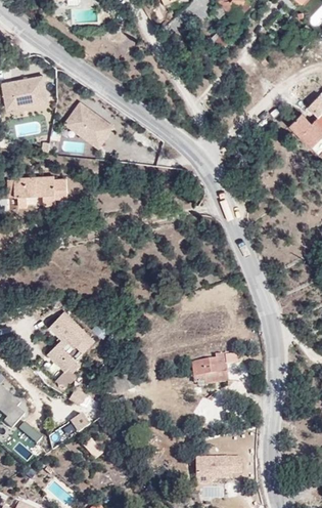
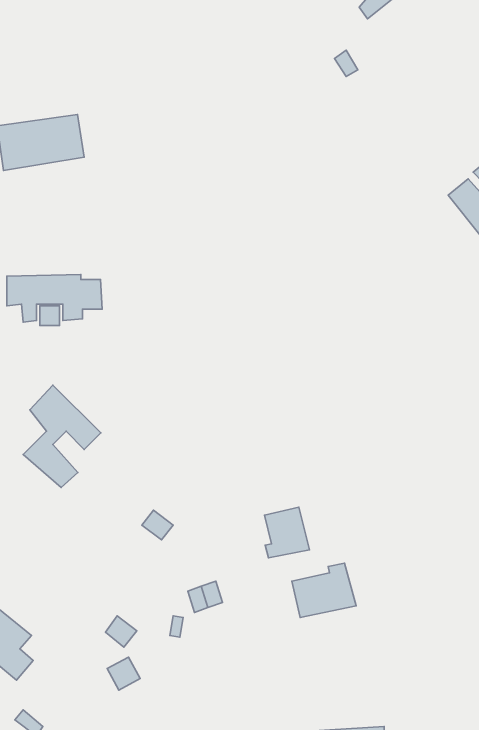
building: [62,101,116,151] -> none
building: [44,309,92,373] -> [23,385,101,487]
building: none -> [265,507,309,558]

